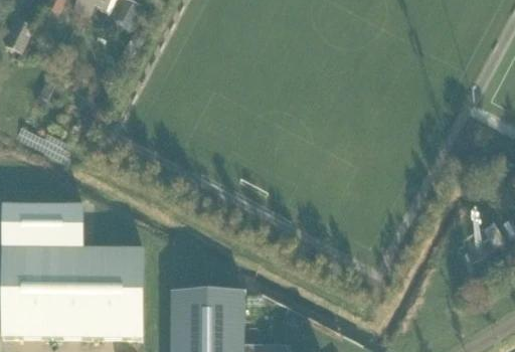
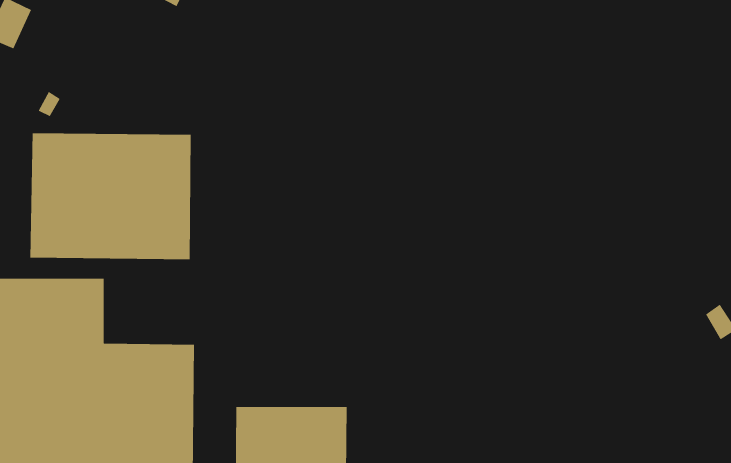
building: none -> [30,132,191,260]

